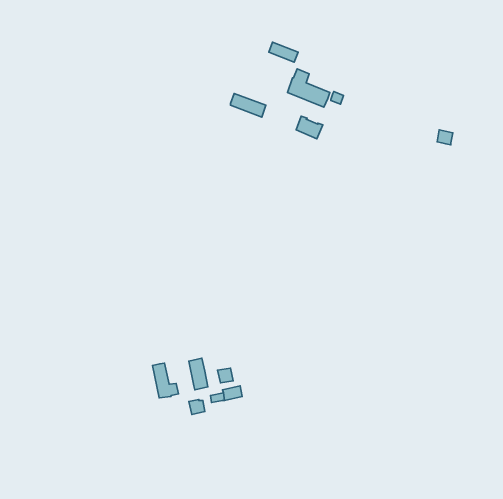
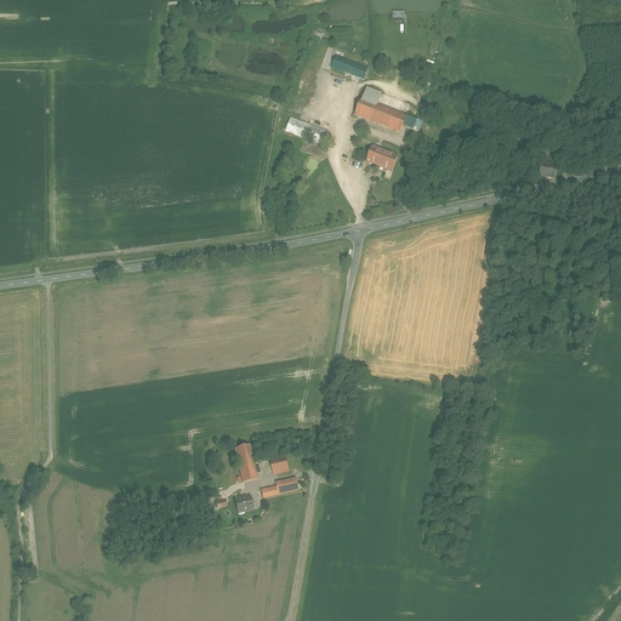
building: [153,363,178,398] -> none

